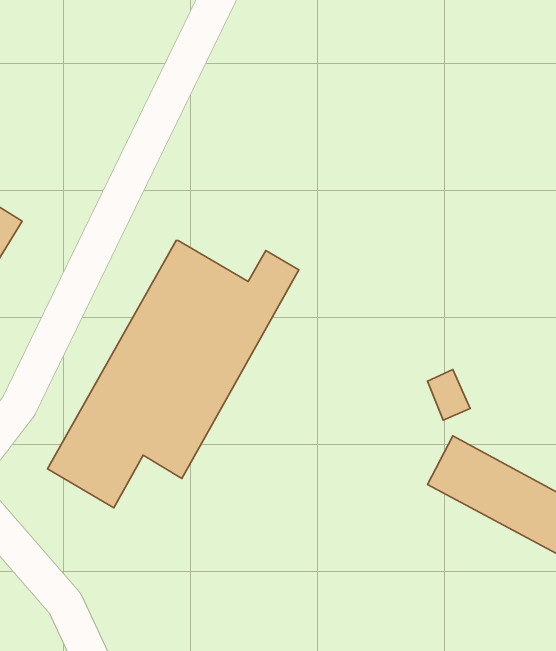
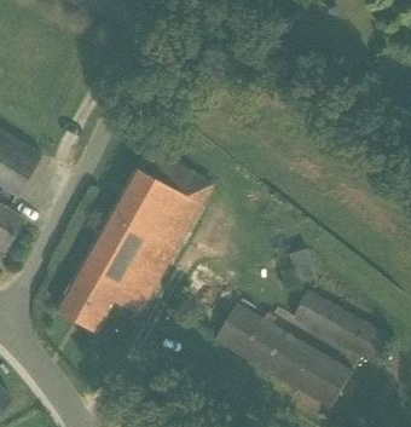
building: none -> [216,301,353,408]

